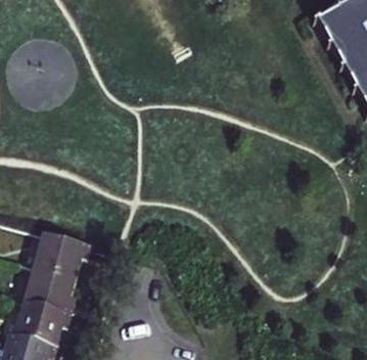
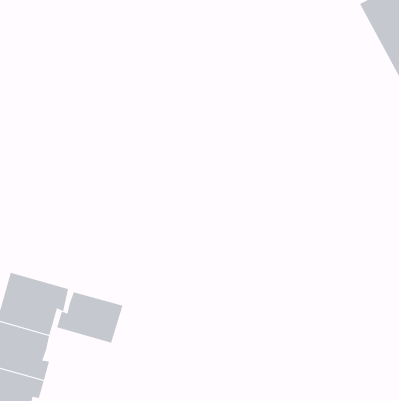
building: none -> [57,292,123,343]

